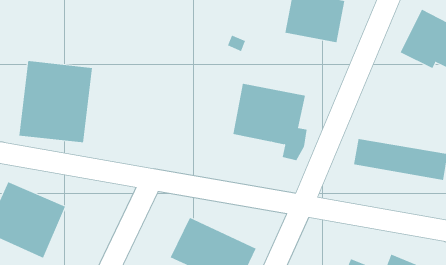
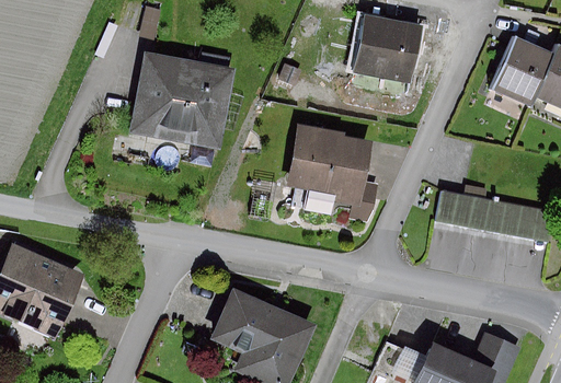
building: [18,61,93,143] -> [140,49,231,150]

